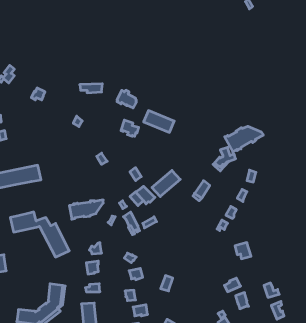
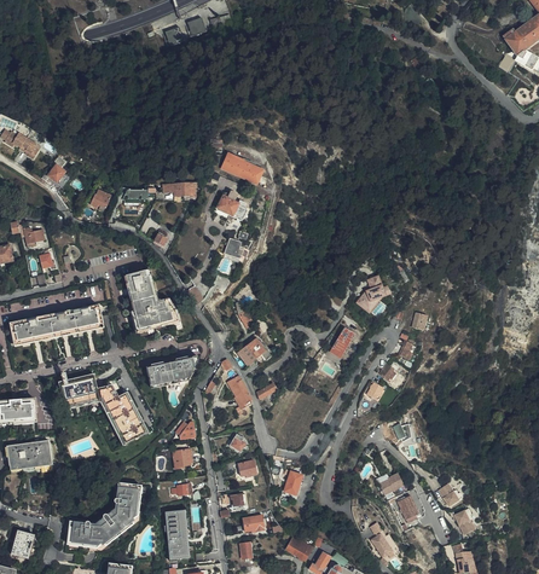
building: [144,111,174,132] -> [220,151,266,184]
building: [225,126,263,152] -> none
building: none -> [124,271,176,330]
building: [152,170,180,197] -> none

